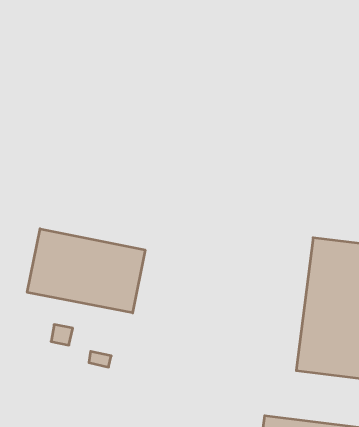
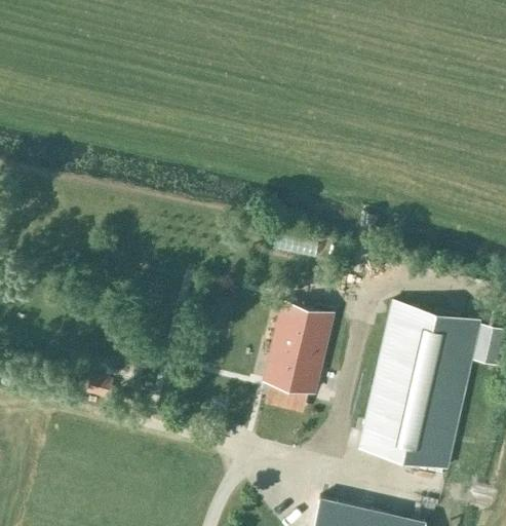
building: [27,229,145,313] -> none
building: none -> [264,304,329,396]

